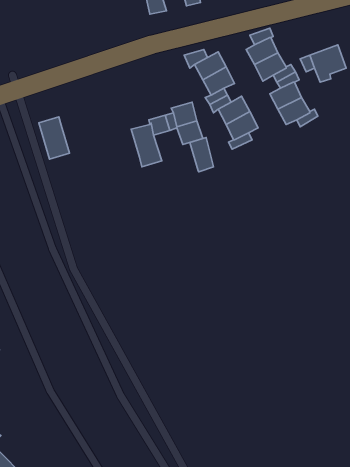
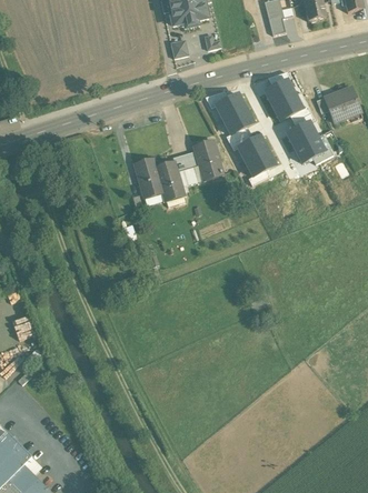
building: [39,117,70,159] -> [135,158,163,198]
building: [190,138,214,172] -> none

